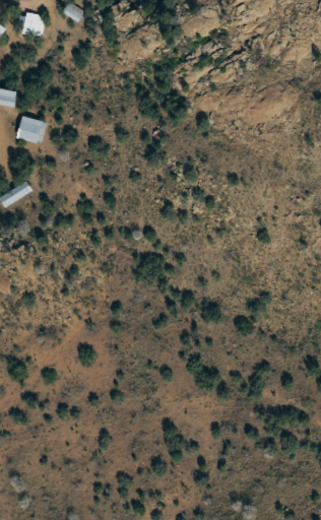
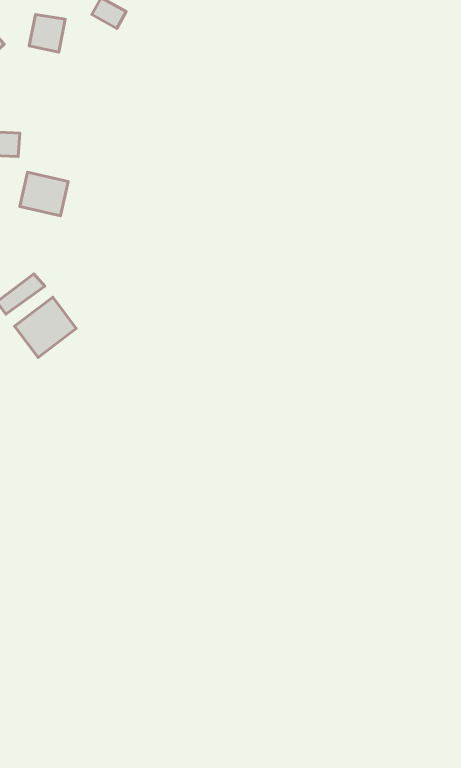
building: none -> [15,297,76,357]

